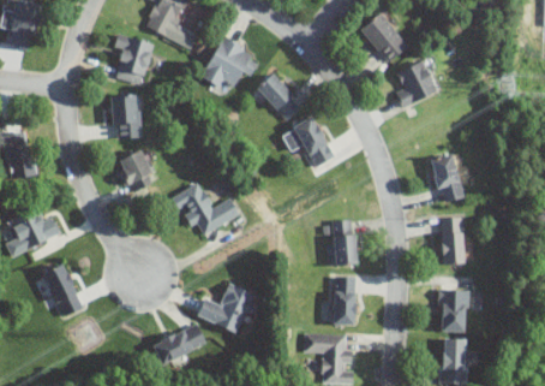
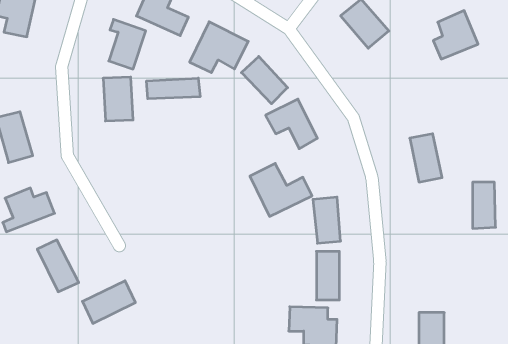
building: [394,58,441,108] -> [433,11,478,59]
building: none -> [147,78,200,99]
building: [115,149,157,194] -> none
building: [175,183,240,238] -> [250,163,312,216]
building: [441,218,465,266] -> [473,182,496,228]
building: [197,283,258,335] -> none
building: [437,290,468,332] -> none
building: [151,322,206,367] -> [82,281,135,323]

